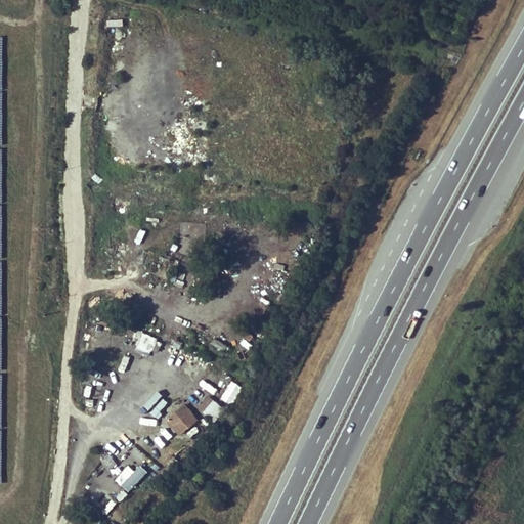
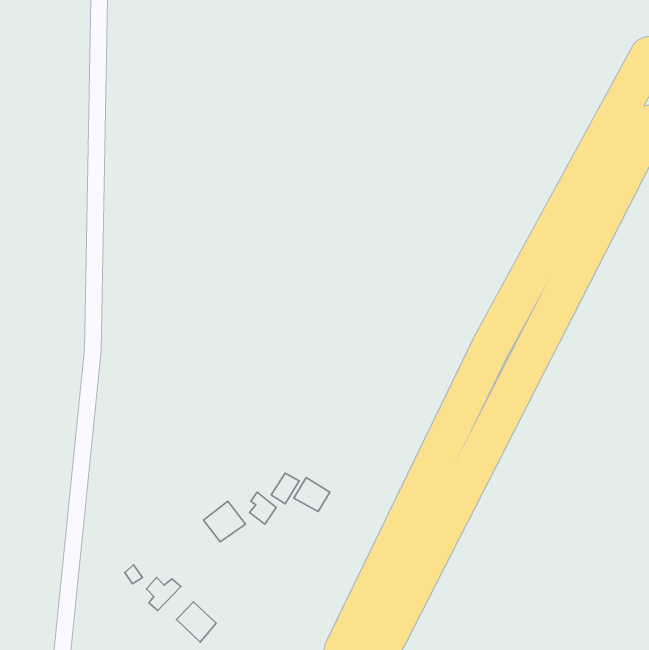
building: none -> [294,478,330,511]
building: none -> [176,602,216,642]

